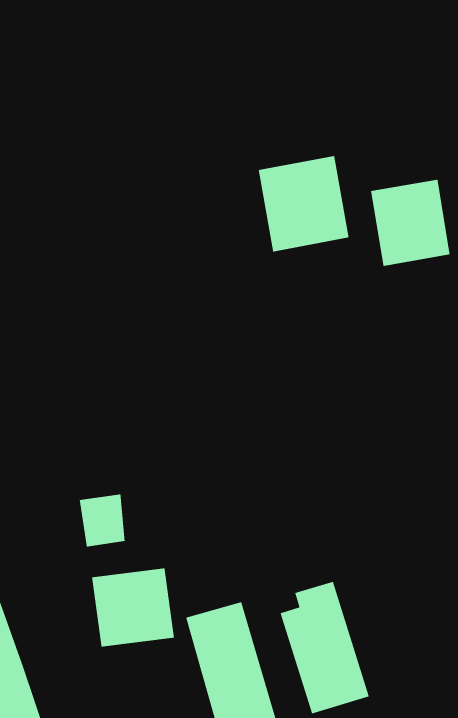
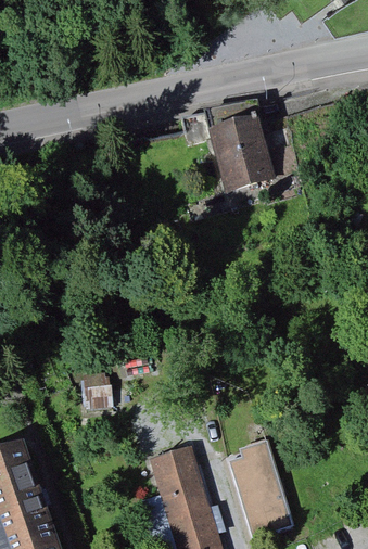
building: [370,179,451,267] -> none
building: [91,568,175,648] -> none

